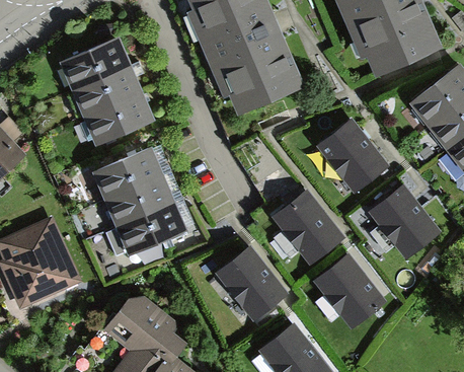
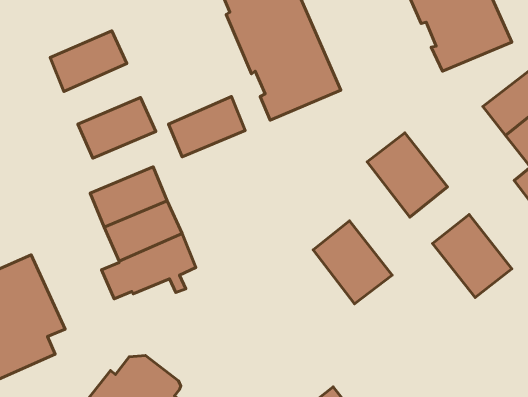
building: [77,66,139,115] -> [168,96,245,157]
building: [220,248,285,316] -> none
building: [318,256,383,324] -> none

